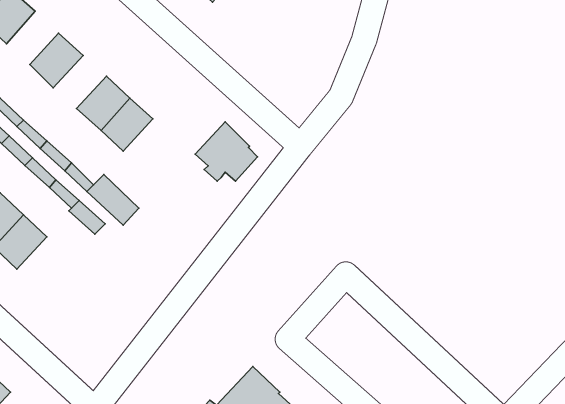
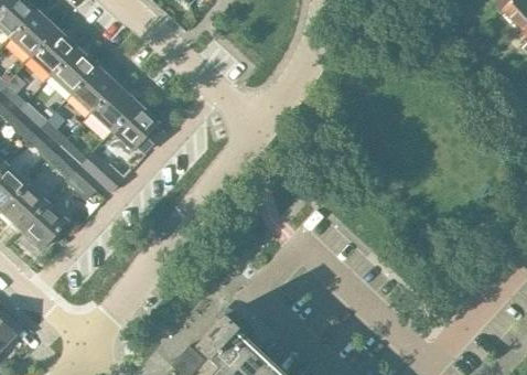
building: none -> [12,11,56,56]
building: none -> [52,49,97,94]
building: [195,122,257,181] -> [111,103,164,153]
building: none -> [21,203,67,250]

